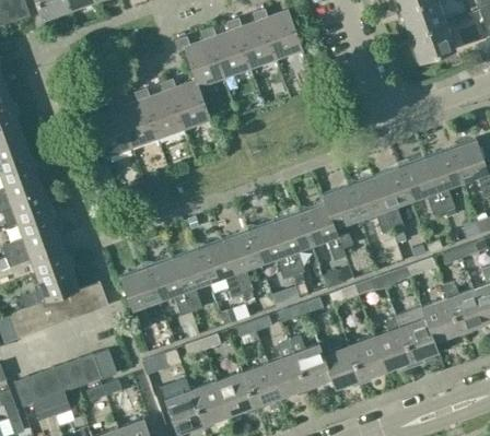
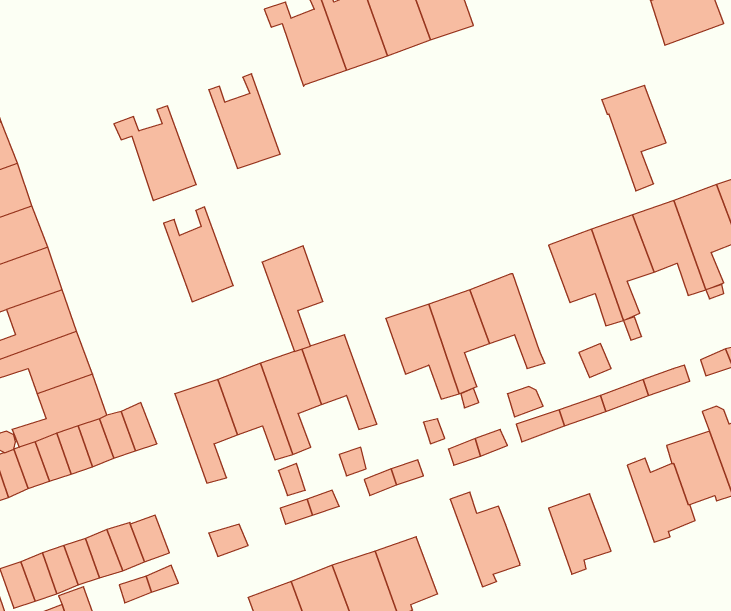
building: [166,78,211,129] -> none
building: [115,90,158,148] -> [164,207,233,302]
building: [322,185,361,249] -> [602,85,666,191]
building: [223,229,260,294] -> [262,246,323,351]
building: [373,319,412,372] -> none
building: [267,340,307,398] -> none
building: [322,345,362,390] -> none

